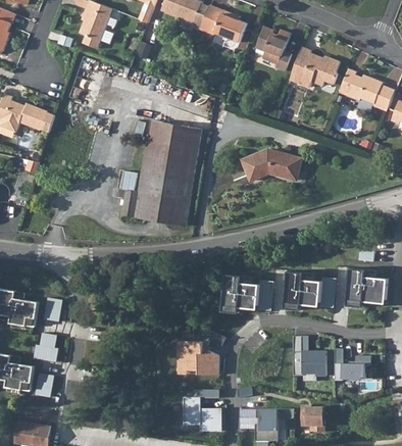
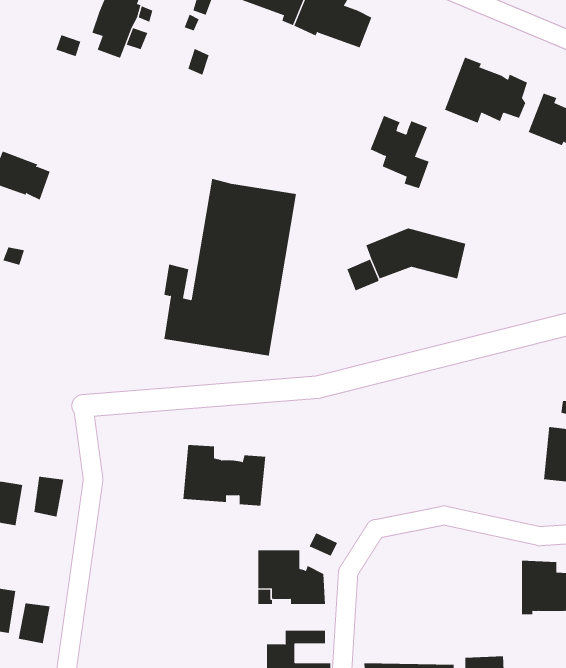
building: [255,27,291,70] -> [370,115,430,189]
building: [286,270,336,307] -> none
building: [223,274,273,310] -> [182,444,266,506]
building: [34,333,58,361] -> none
building: [292,335,324,374] -> none

